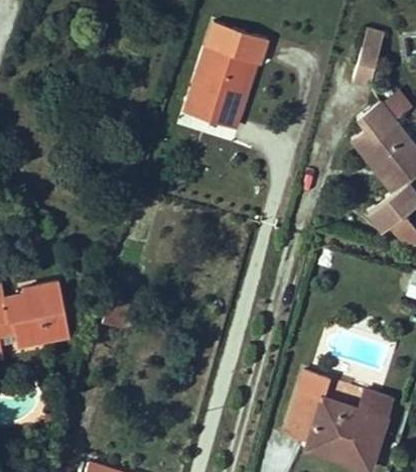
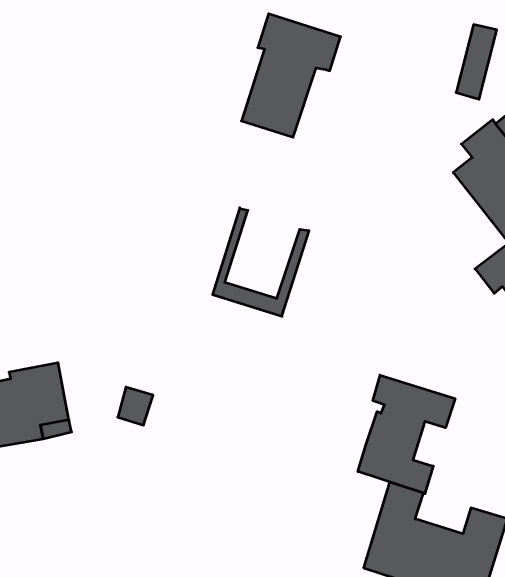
building: [185,47,257,128] -> [213,208,309,316]
building: none -> [358,375,455,494]

